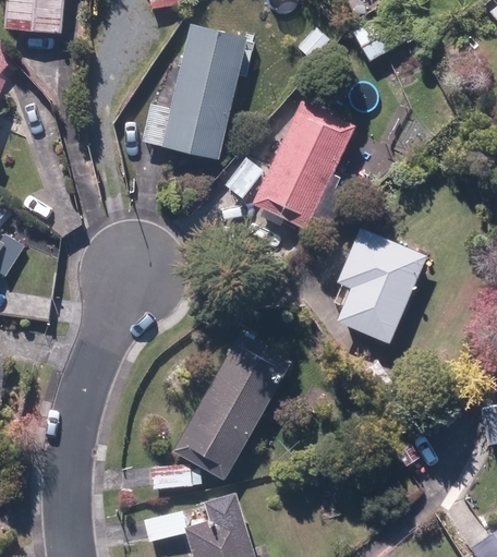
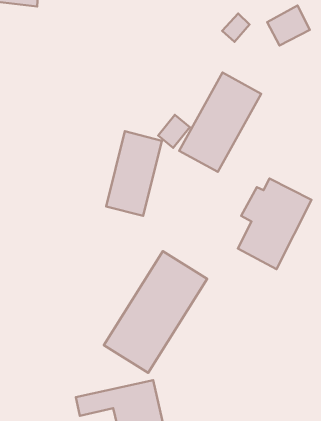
building: [143,27,245,159] -> none
building: none -> [106,131,162,216]

